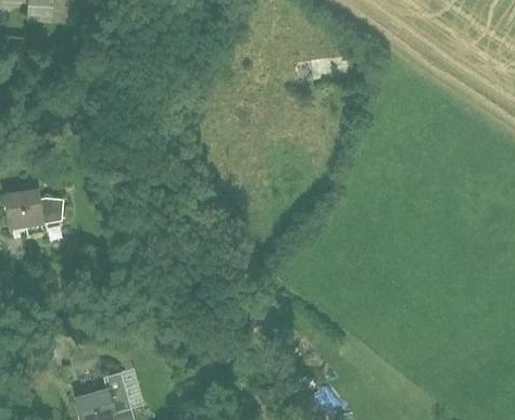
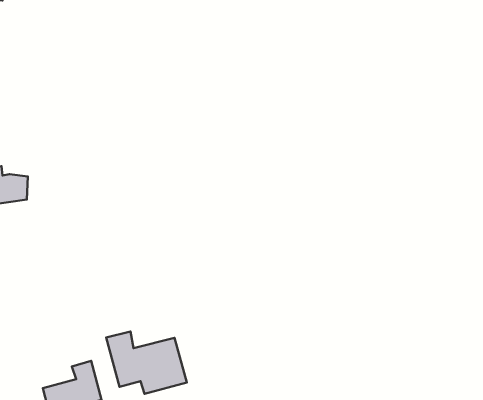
building: none -> [106,332,187,394]

